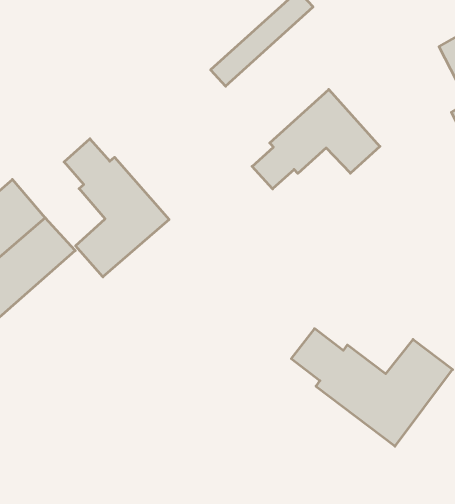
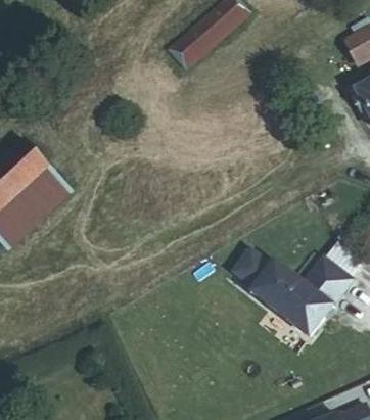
building: [252,89,380,189] -> none
building: [64,139,169,277] -> none

